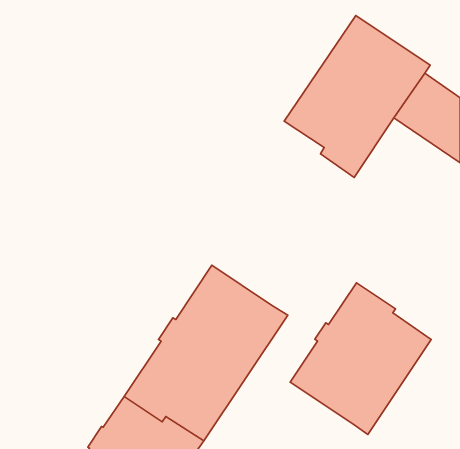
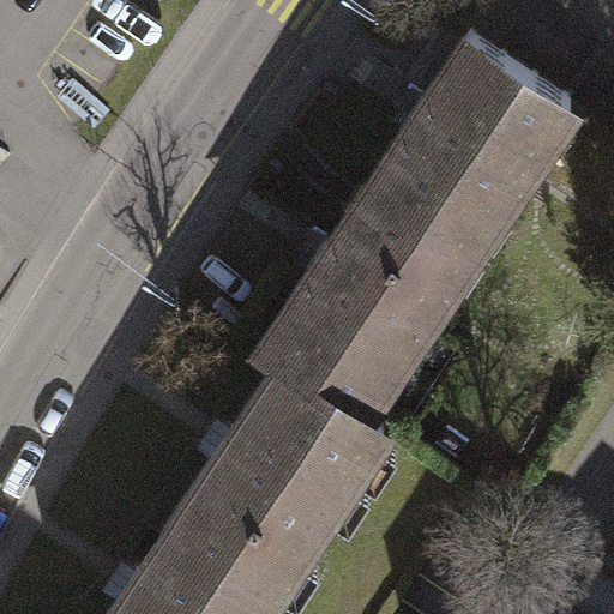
building: none -> [259,179,469,422]
building: [290,283,431,435] -> none

